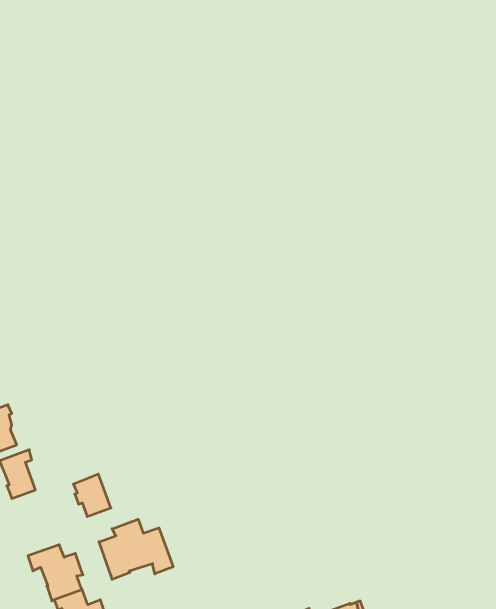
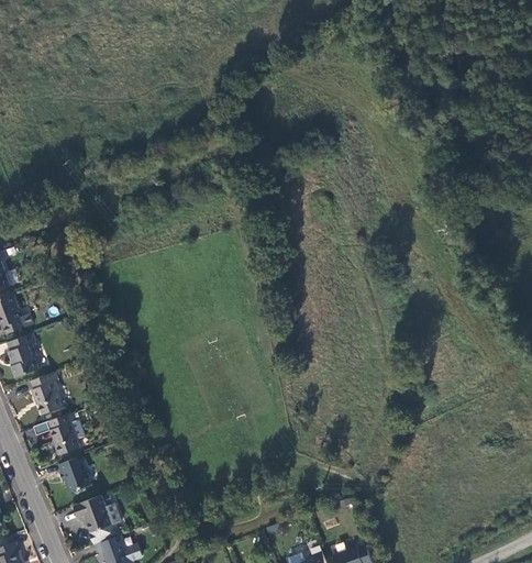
building: [73,474,111,517] -> [57,456,90,494]
building: [99,519,173,579] -> none

